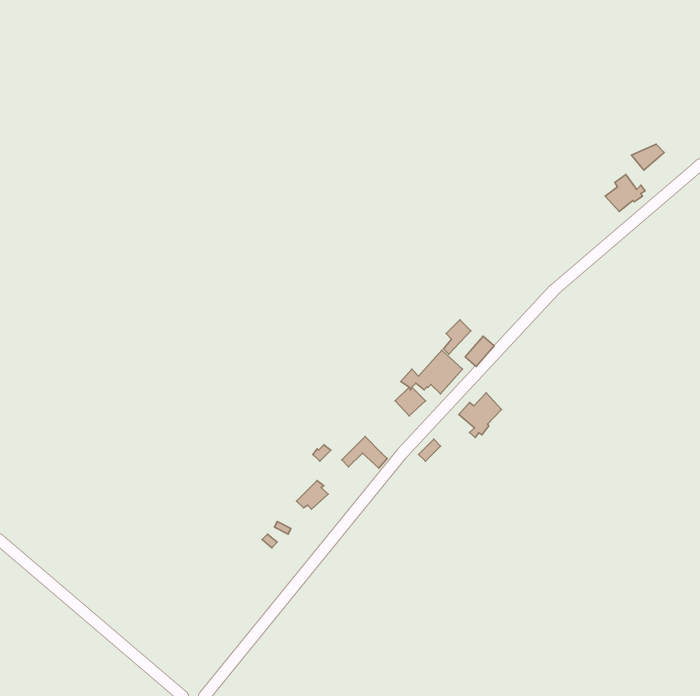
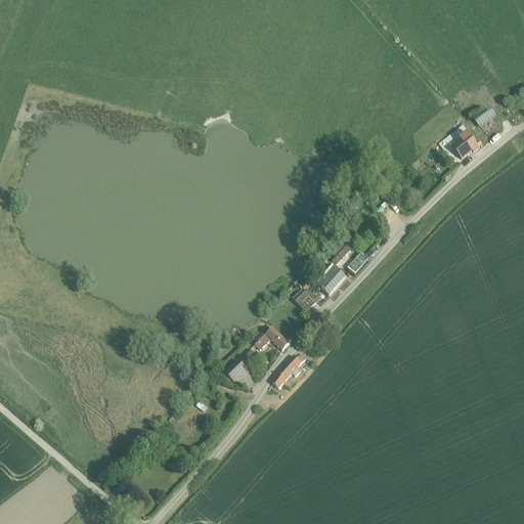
building: [459,393,501,437] -> none
building: none -> [272,352,305,387]

